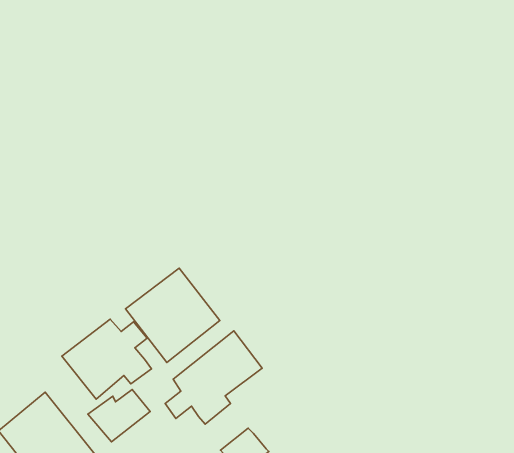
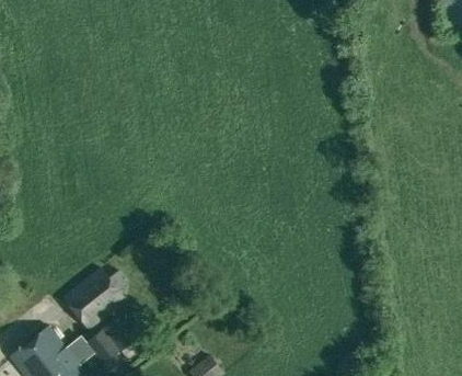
building: [125,268,220,363] -> none
building: [165,331,262,424] -> none

